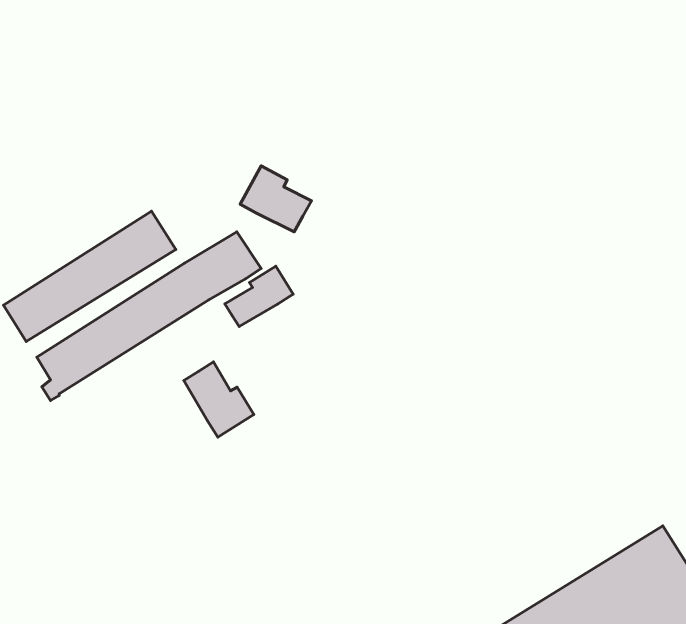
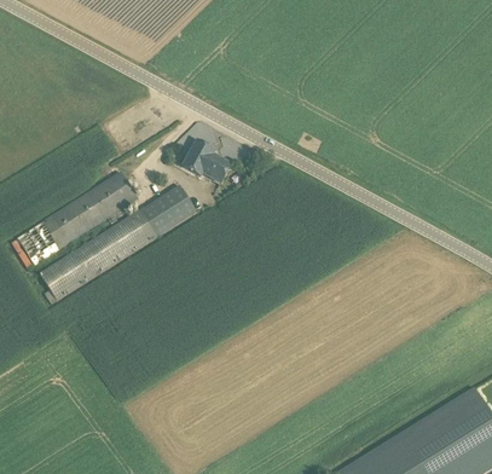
building: [225,266,293,327] -> none
building: [184,362,254,437] -> none

